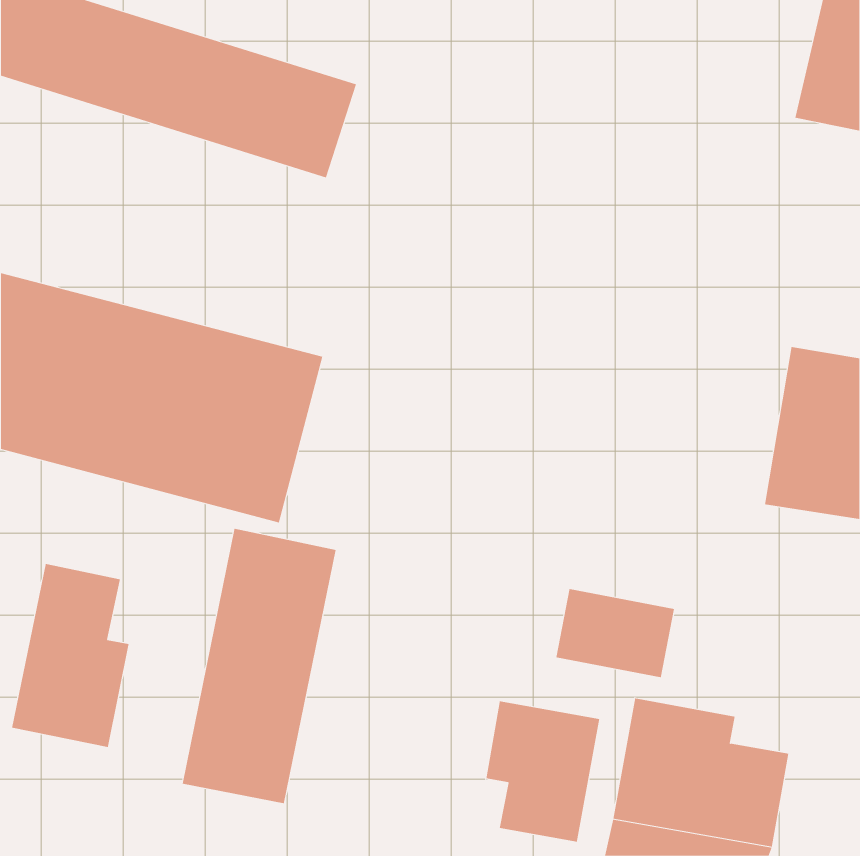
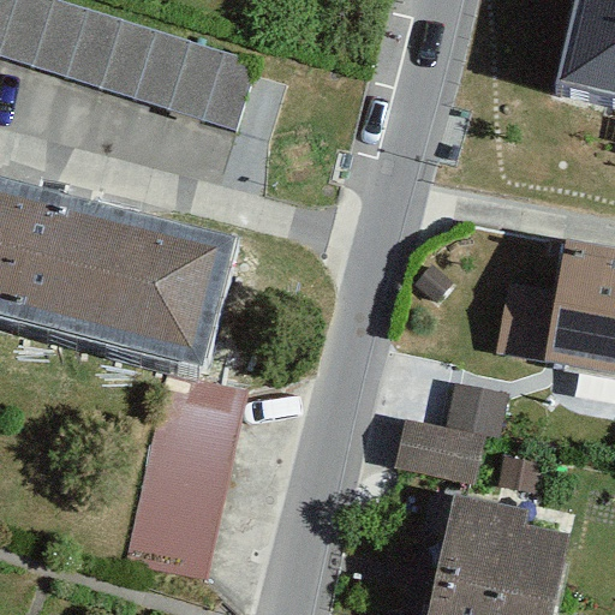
building: [12,563,129,748] -> none
building: [486,701,600,843] -> none

